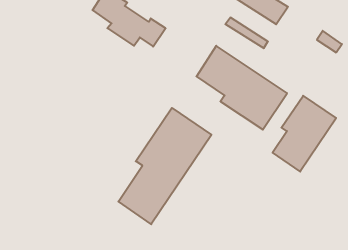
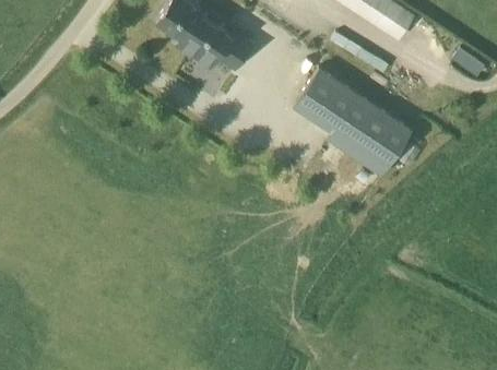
building: [273,96,336,172] -> none
building: [118,108,211,224] -> none

